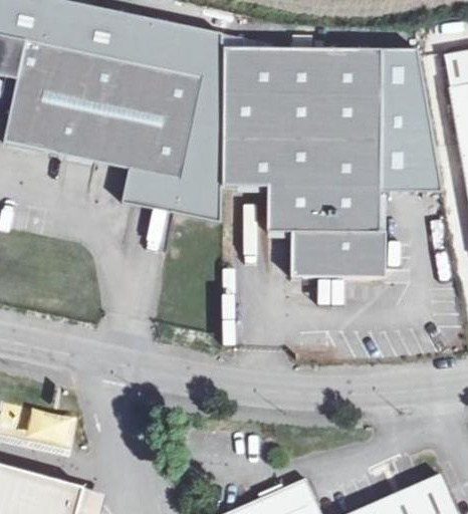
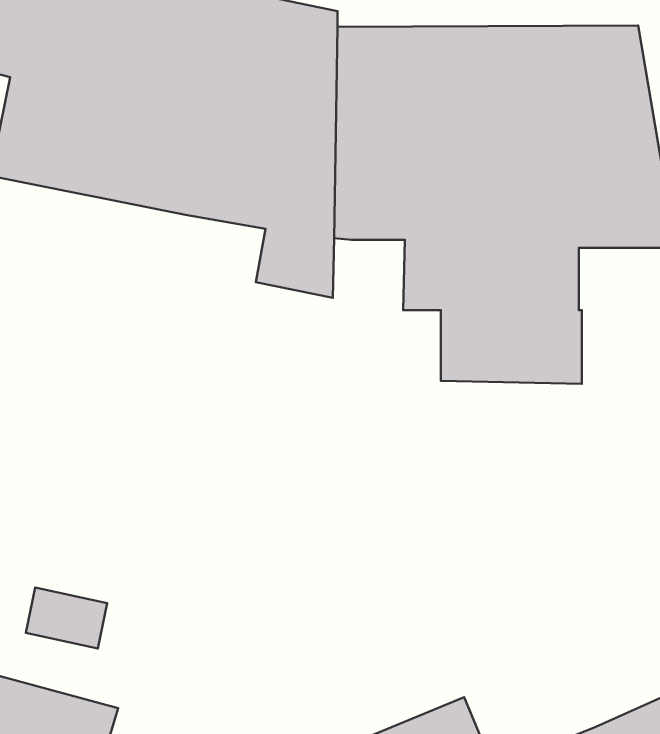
building: [122,169,179,212] -> none

